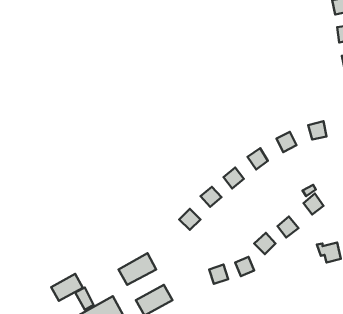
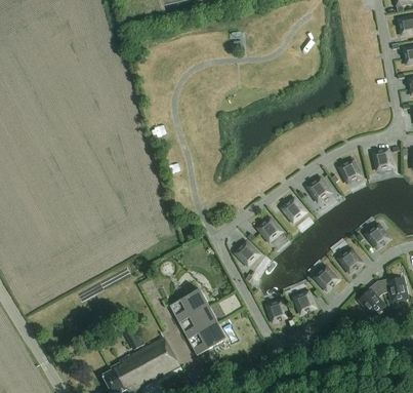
building: none -> [359,279,385,313]
building: none -> [179,306,218,339]
building: [51,274,83,301] -> none

